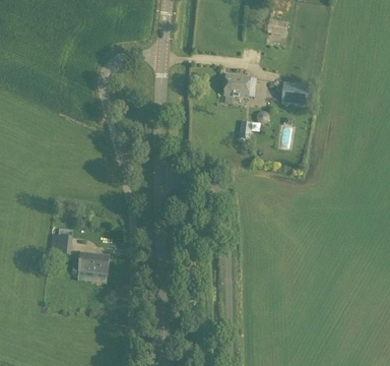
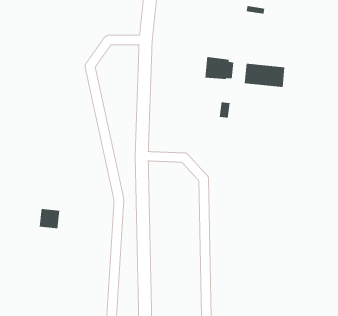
building: [71,252,109,274] -> none

